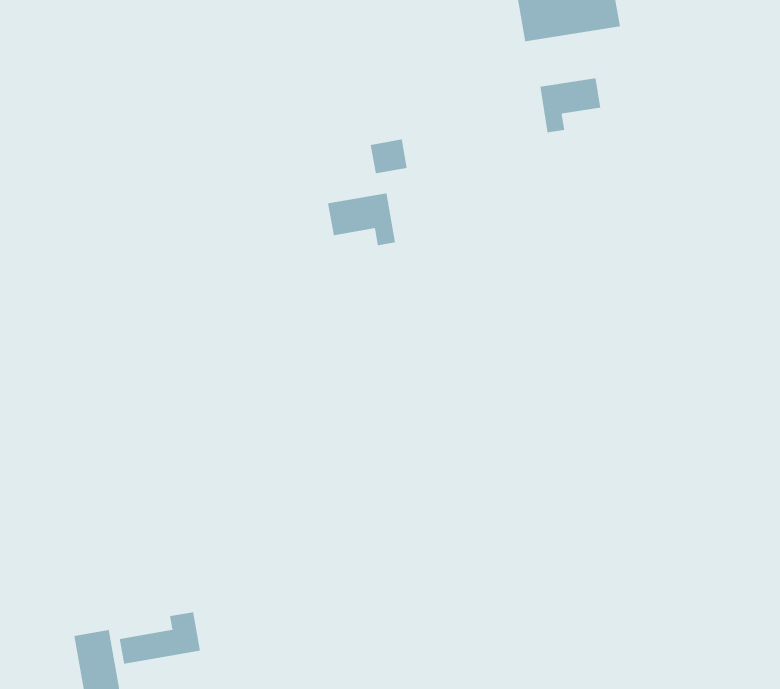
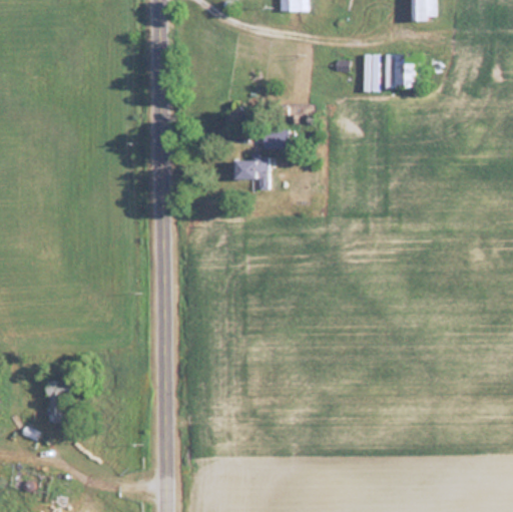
building: [540,77,601,133] -> none
building: [119,611,201,664] -> none

